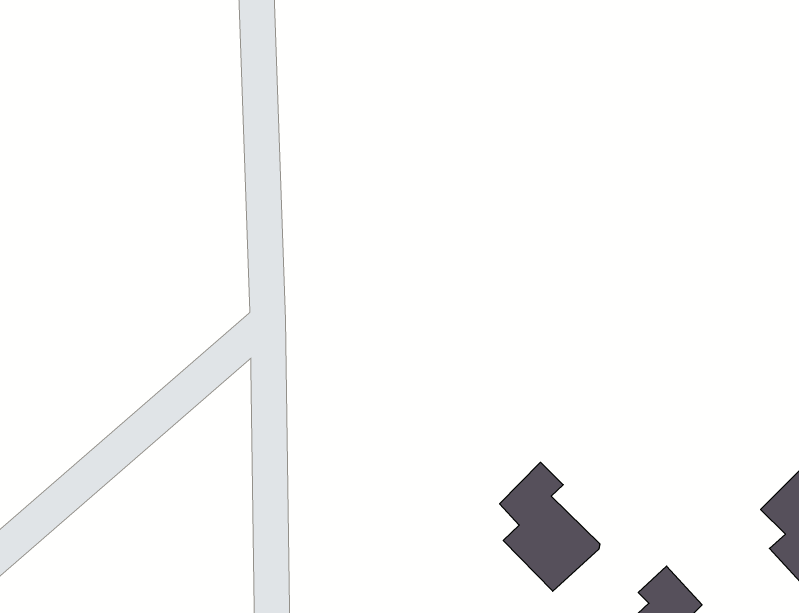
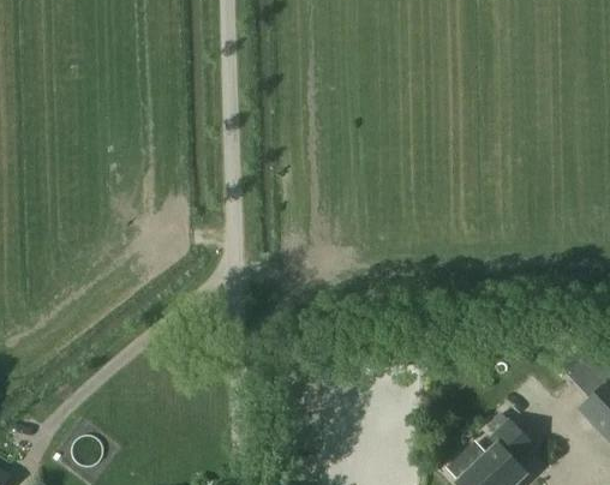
building: [500,462,600,591] -> none

